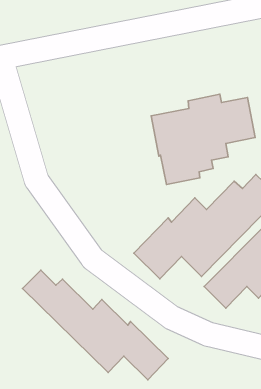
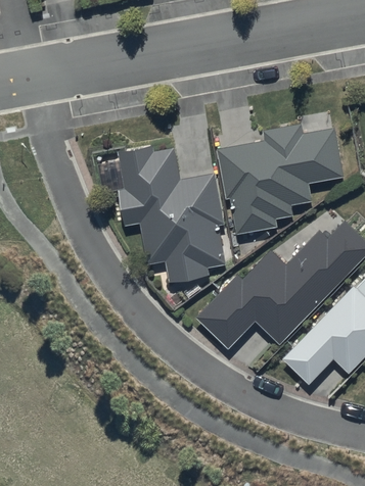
building: none -> [118,145,226,284]
building: [22,270,168,380] -> none

